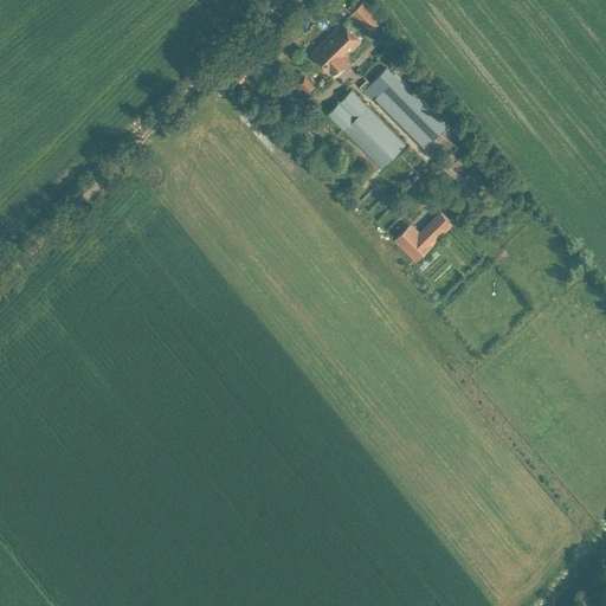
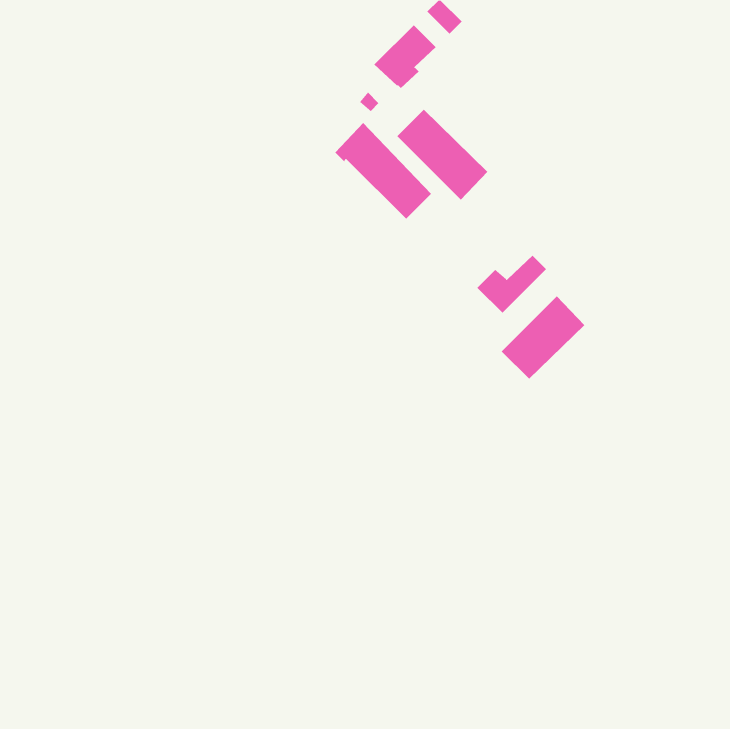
building: [363,69,444,149] -> [334,122,432,220]
building: none -> [501,296,585,380]

